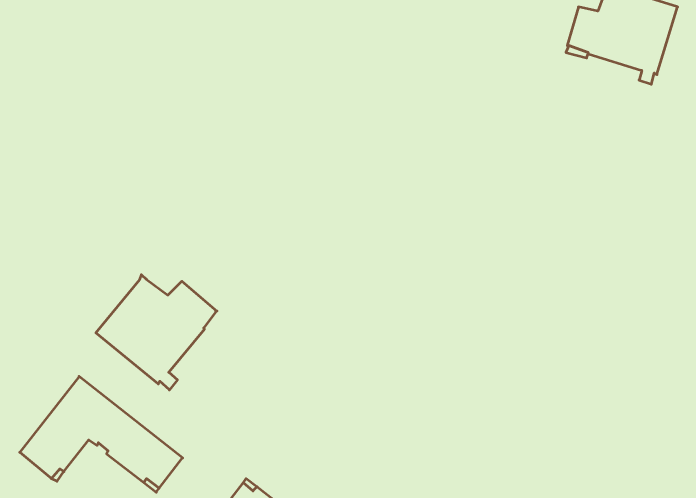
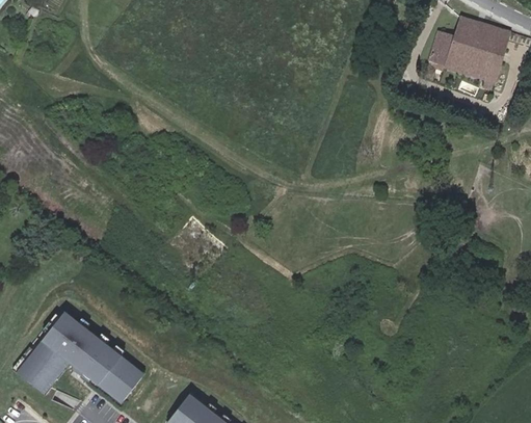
building: [96,275,217,390] -> none

